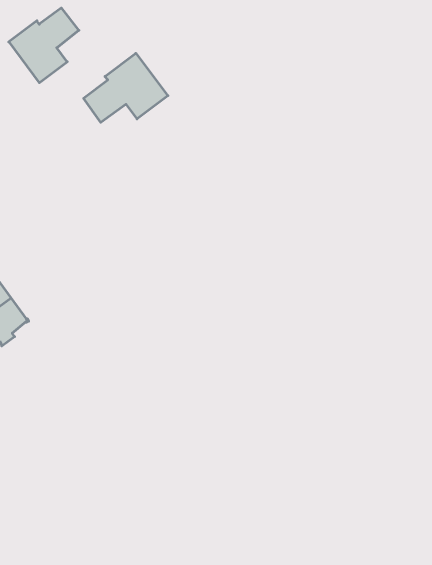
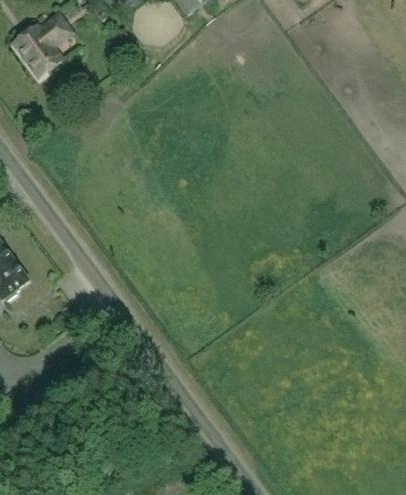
building: [84,53,168,122] -> none

